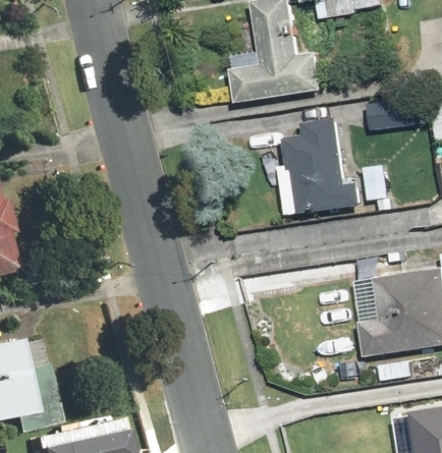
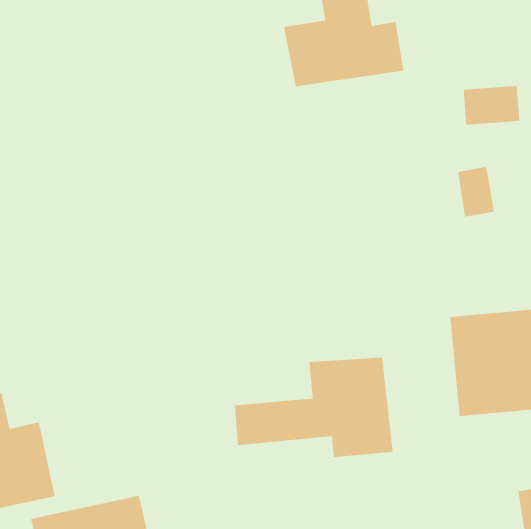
building: [278,118,352,215] -> none
building: none -> [234,357,393,458]

